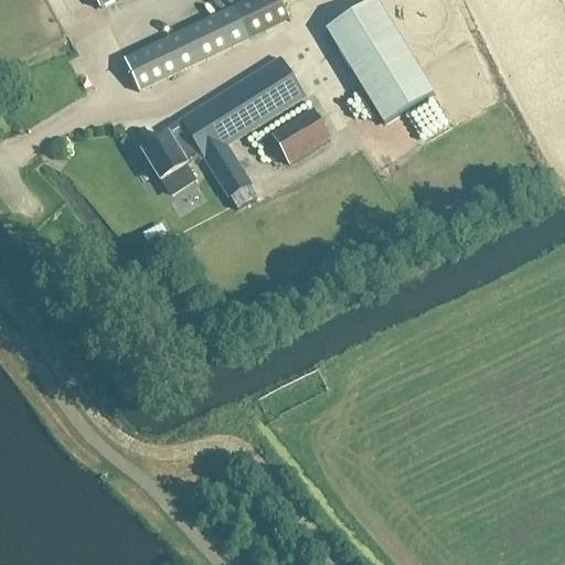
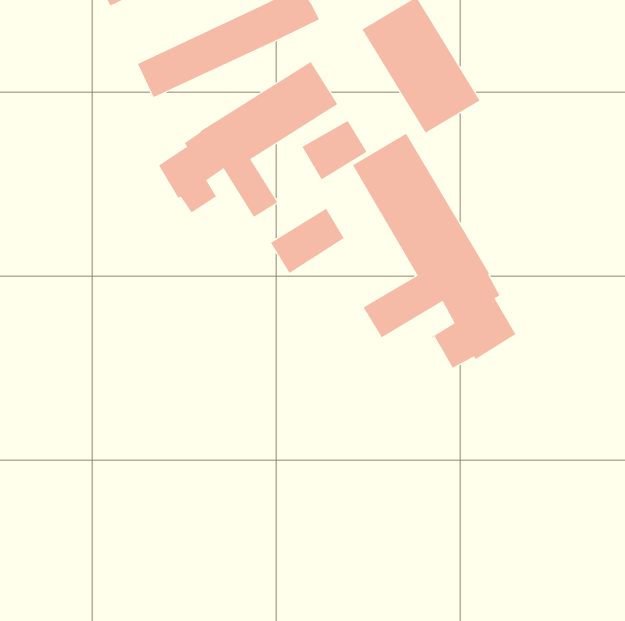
building: none -> [352,133,516,368]
building: none -> [270,208,345,274]

